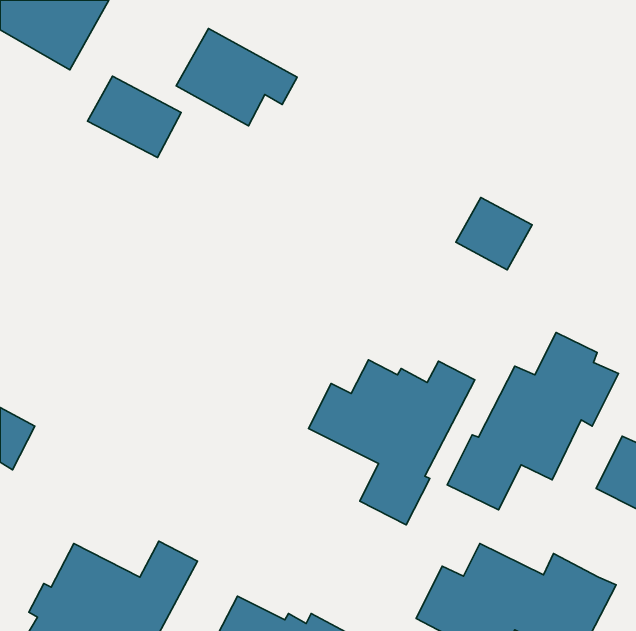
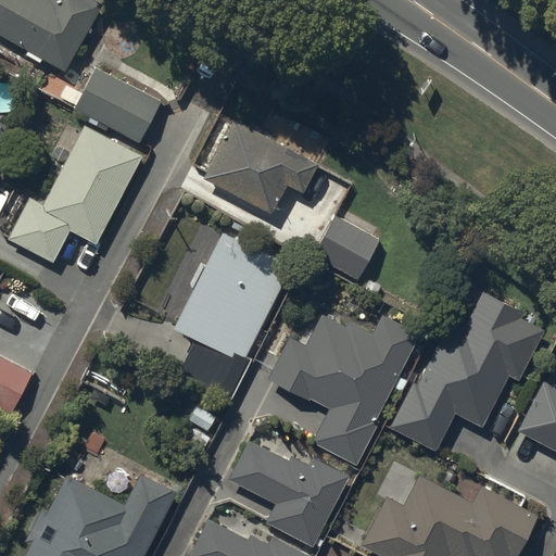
building: [176,28,297,126] -> [207,124,313,208]
building: none -> [12,132,136,260]
building: [456,197,532,270] -> [315,217,381,280]
building: none -> [177,238,288,392]
building: none -> [232,444,349,545]

